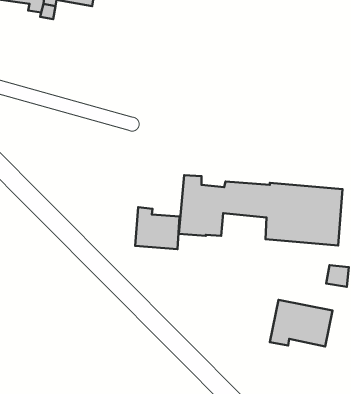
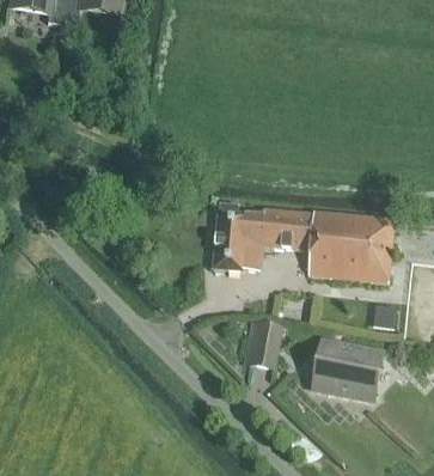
building: [135,207,180,249] -> none
building: none -> [244,322,280,366]

